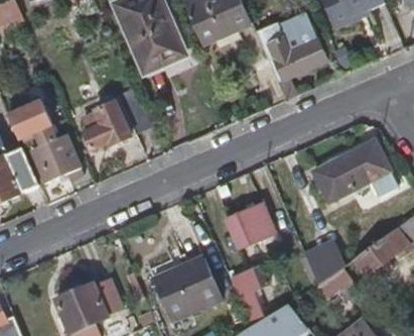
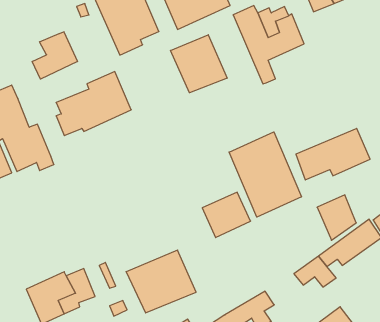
building: none -> [32,32,77,79]
building: none -> [171,35,227,93]
building: none -> [229,132,301,217]
building: [301,240,339,285] -> [317,195,356,240]
building: [233,266,267,310] -> none

